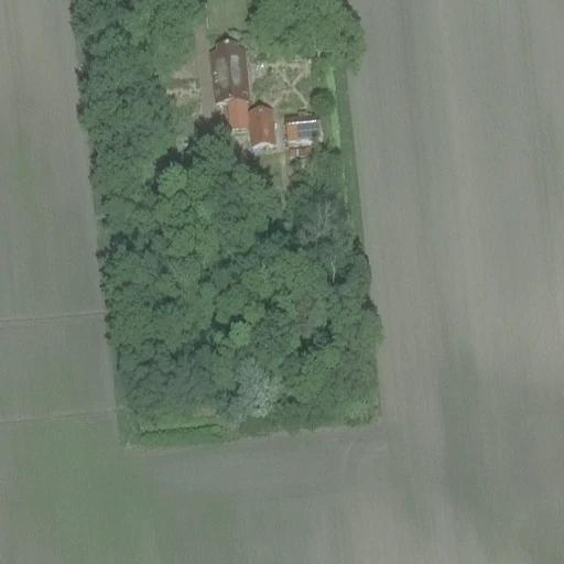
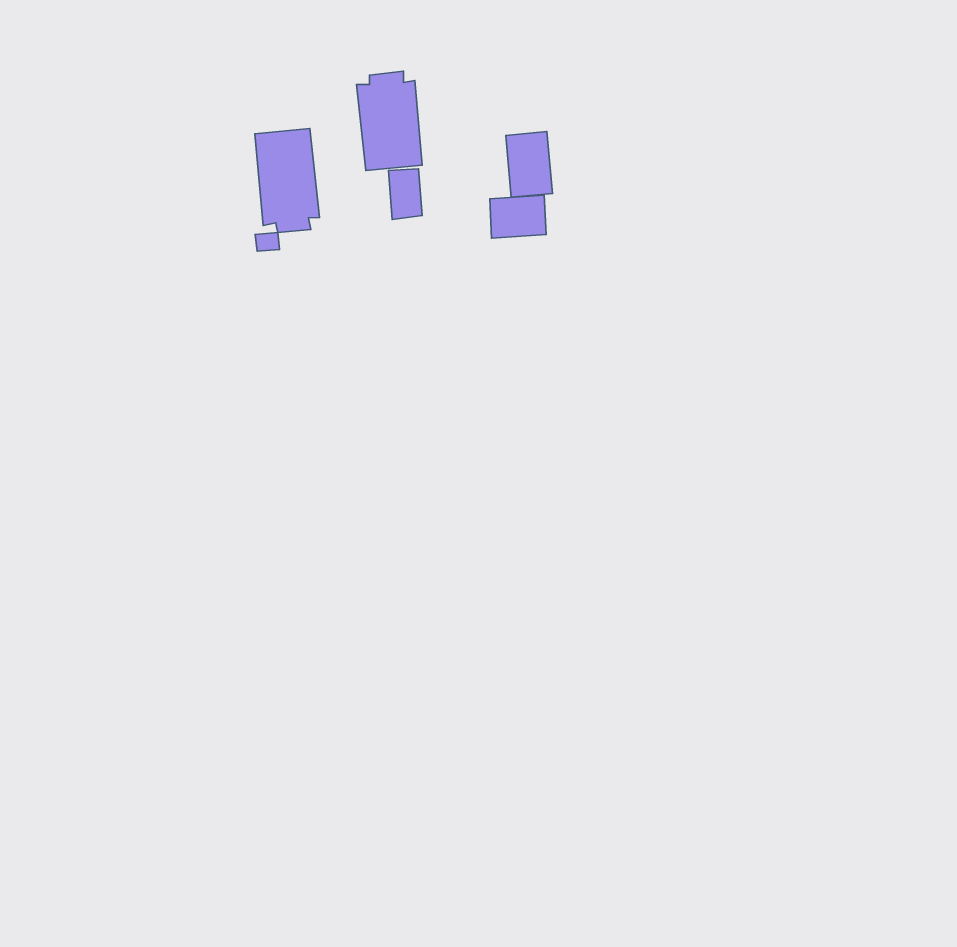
building: none -> [255,128,320,233]
building: [249,107,276,145] -> [506,132,553,197]

